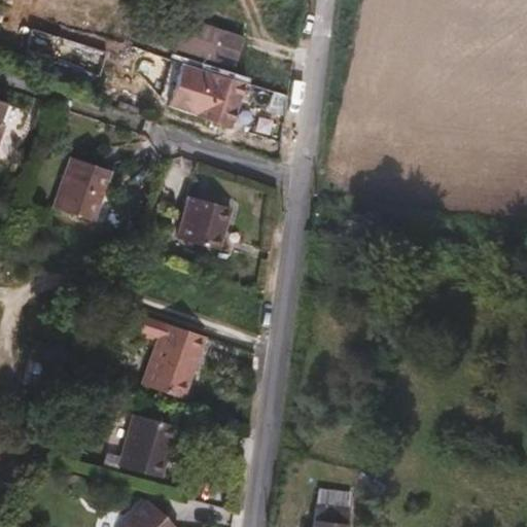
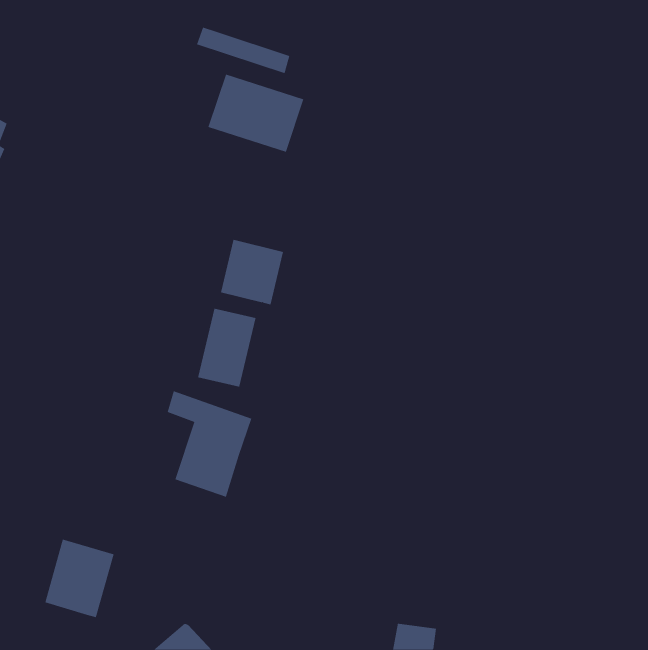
building: [55,153,114,219] -> none
building: none -> [197,308,256,387]
building: [117,419,174,483] -> [44,539,114,618]

